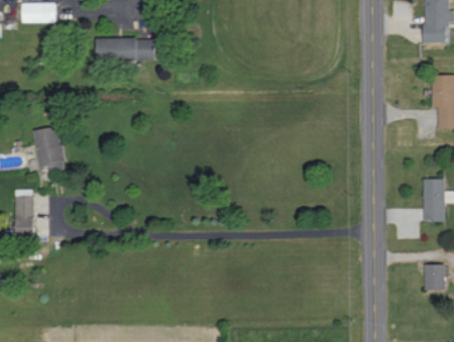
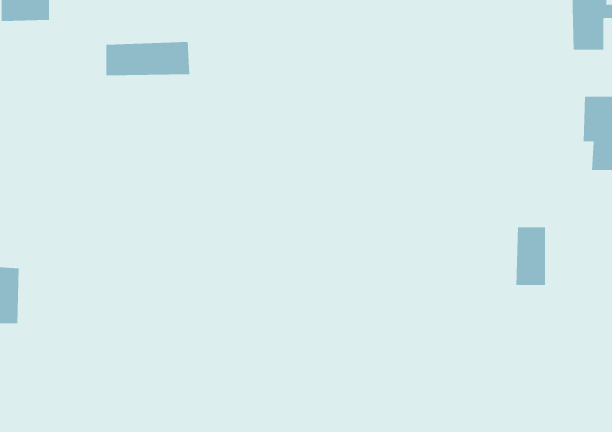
building: [33,127,64,173] -> none
building: [423,180,444,221] -> [516,227,546,286]
building: [424,265,444,291] -> none

